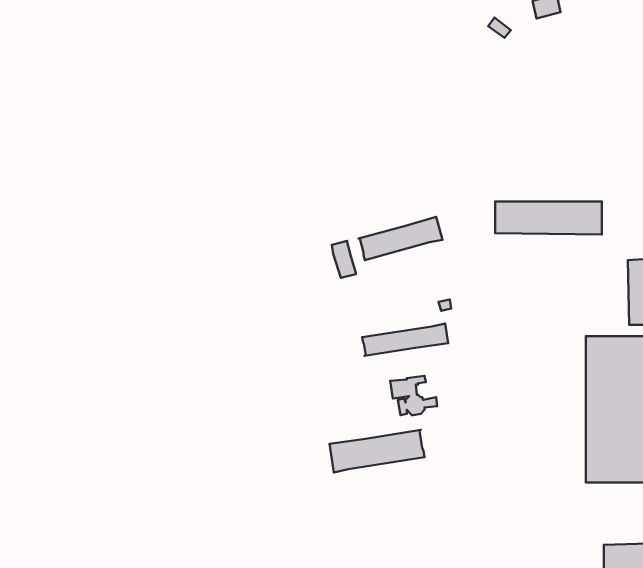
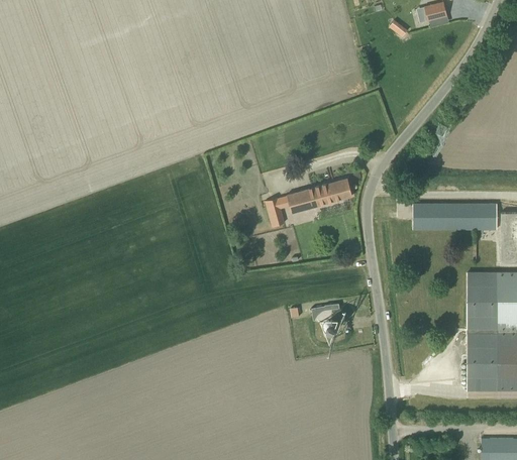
building: [495,201,602,234] -> [414,204,499,230]
building: [362,324,448,356] -> none
building: [329,430,424,472] -> none

